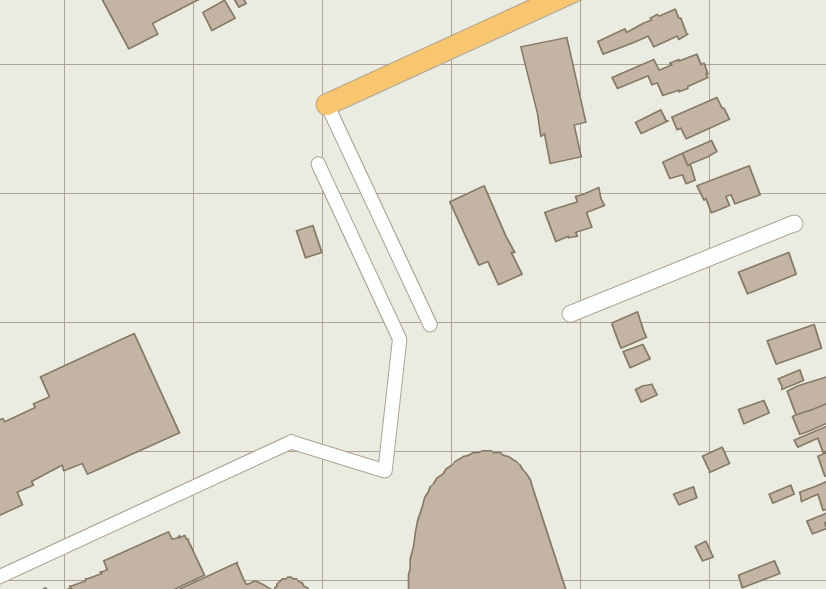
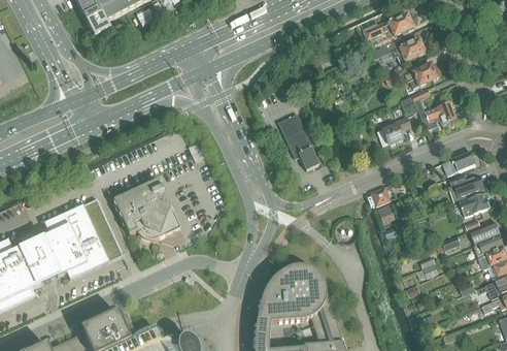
building: [521,37,586,164] -> none
building: [545,187,604,241] -> [376,115,410,146]
building: none -> [449,173,483,198]
building: none -> [114,178,181,240]

